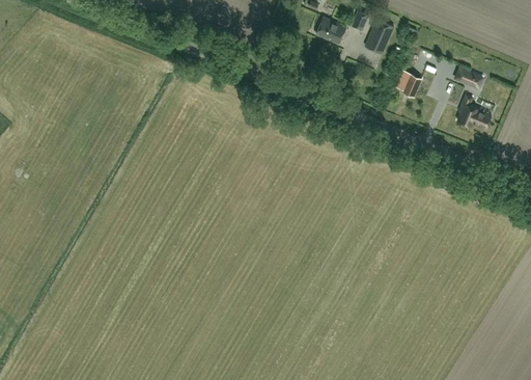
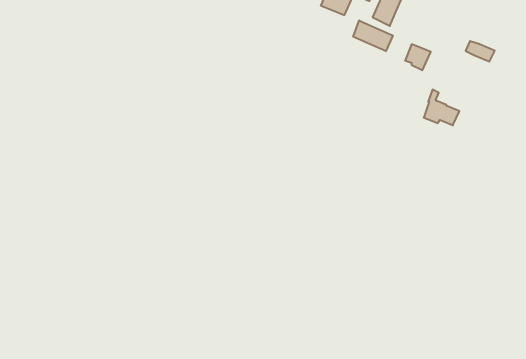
building: none -> [353,20,393,51]
building: [457,94,492,129] -> [424,90,459,125]

